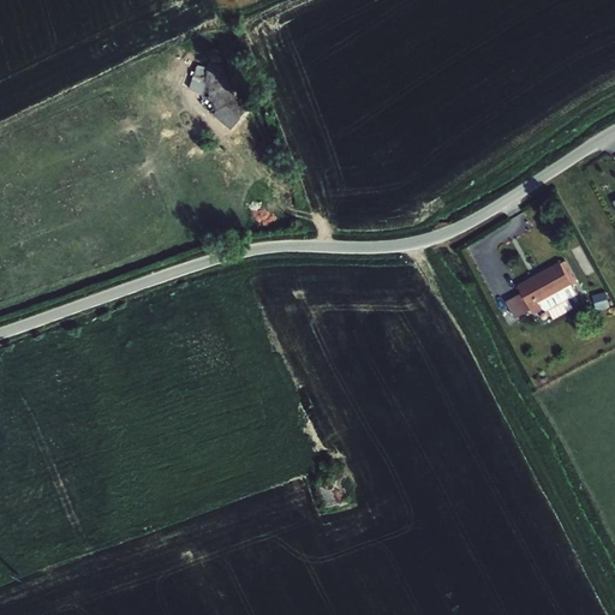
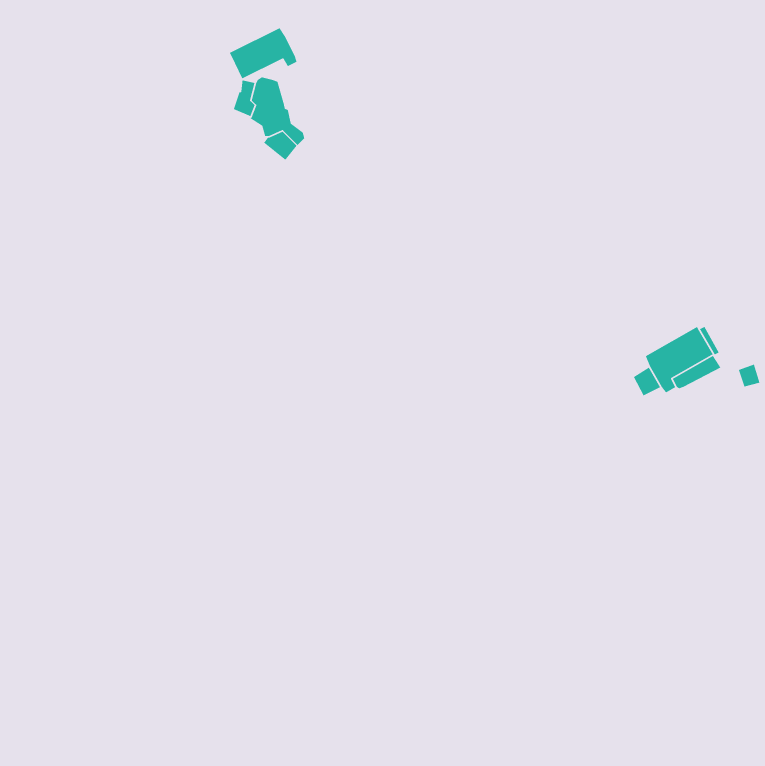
building: none -> [229,27,298,80]

